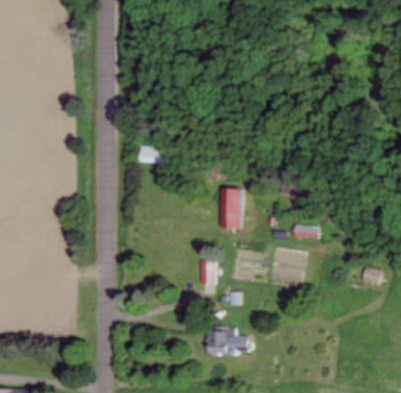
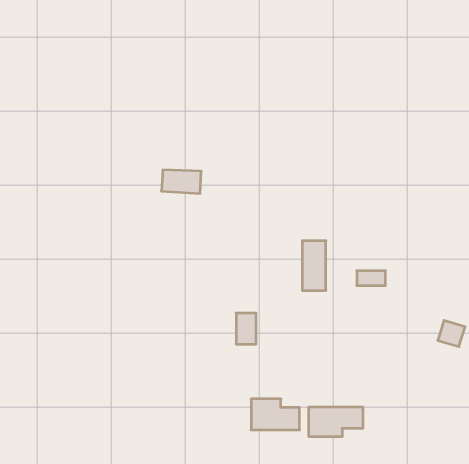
building: [221,189,240,229] -> [302,241,326,290]
building: none -> [309,407,363,437]

